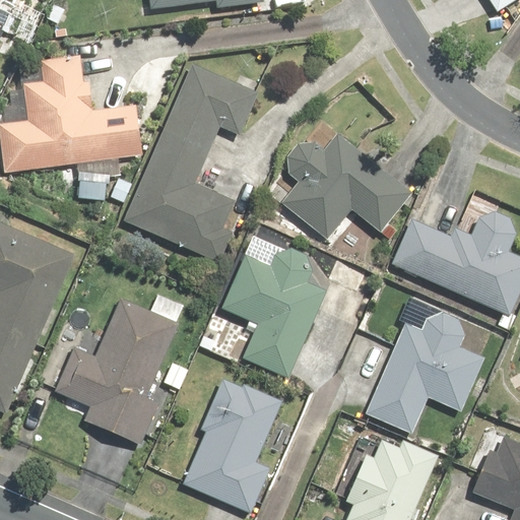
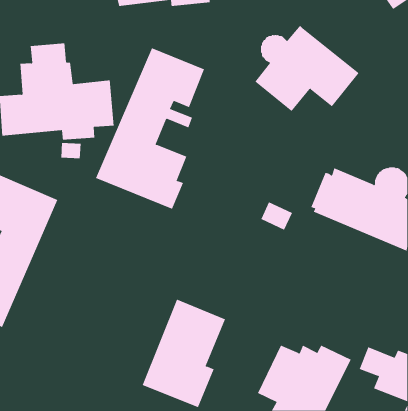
building: [281,130,413,240] -> [255,25,359,112]
building: [223,246,325,378] -> none
building: [38,295,187,447] -> none
building: [363,313,485,434] -> none

